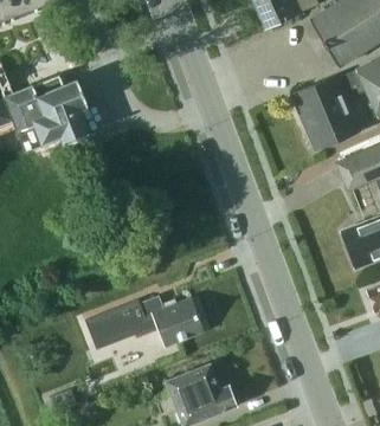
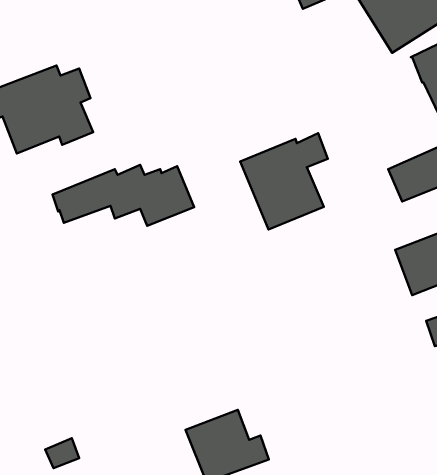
building: [291,70,365,150] -> [240,133,328,230]
building: [86,296,205,347] -> [52,165,194,226]

